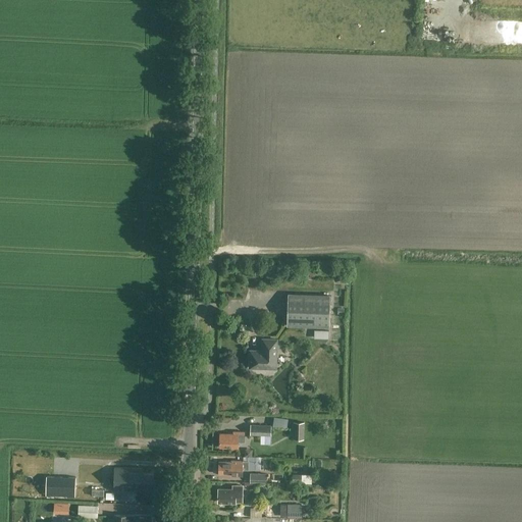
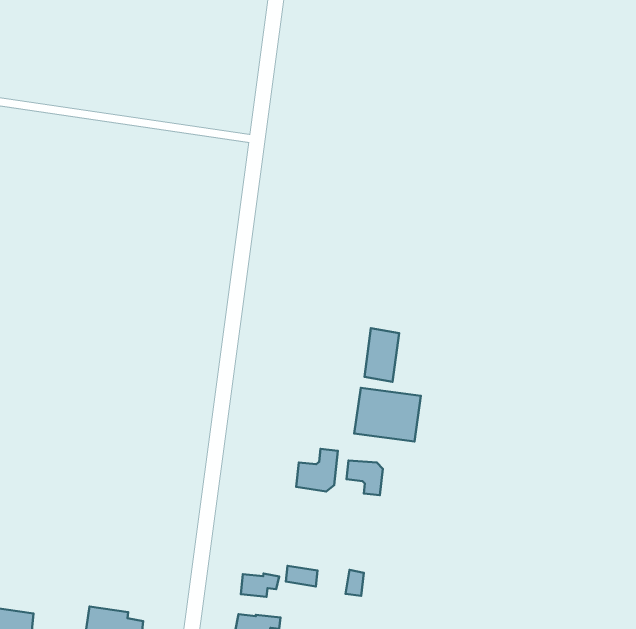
building: none -> [364,328,399,382]
building: none -> [346,461,383,495]

